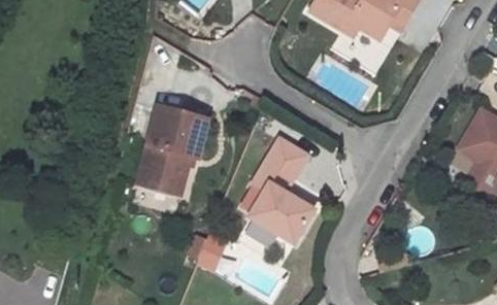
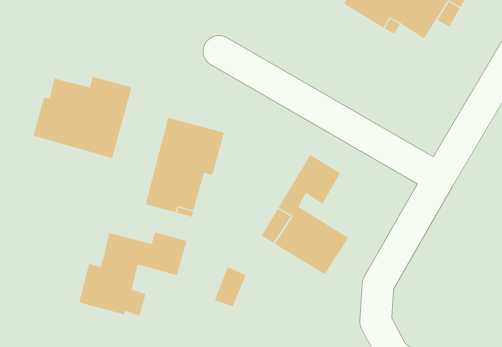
building: none -> [33,76,132,159]
building: none -> [79,232,187,317]

